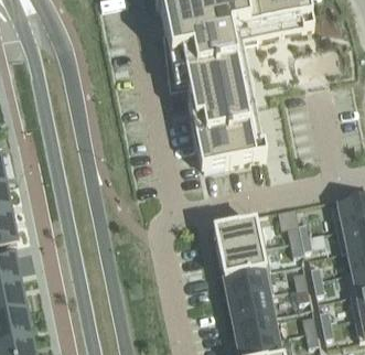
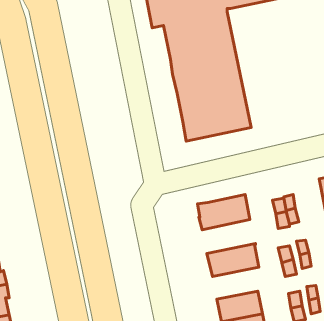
building: [218,243,270,276] -> none
building: [228,289,273,320] -> none

